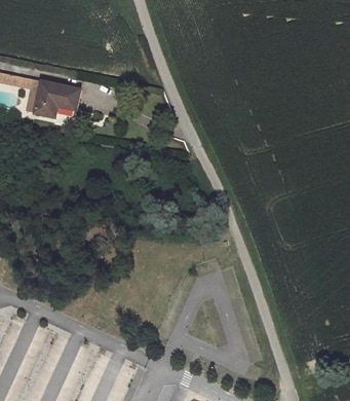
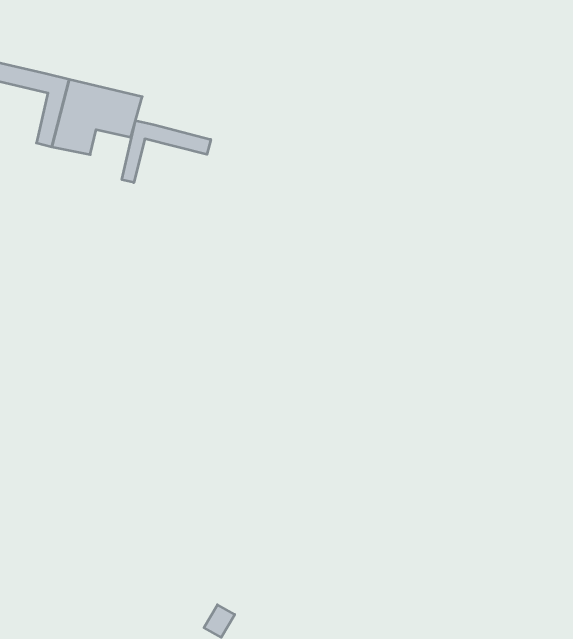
building: none -> [122,120,211,183]

